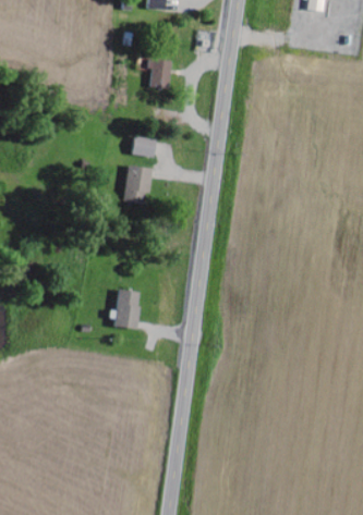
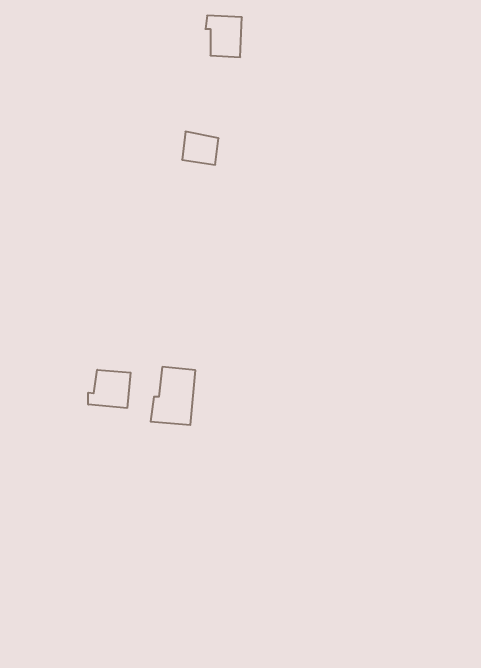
building: [122,164,153,205] -> none
building: none -> [88,370,131,408]

